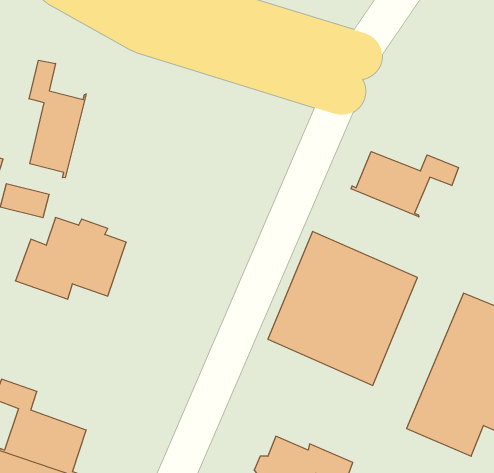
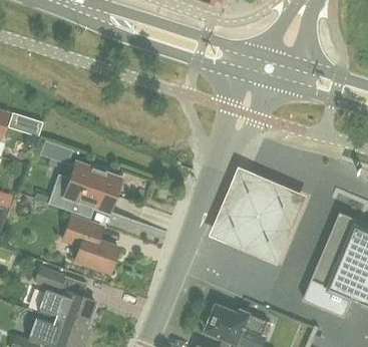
building: [29,60,86,178] -> none
building: [351,152,459,217] -> none
building: none -> [63,215,119,271]

